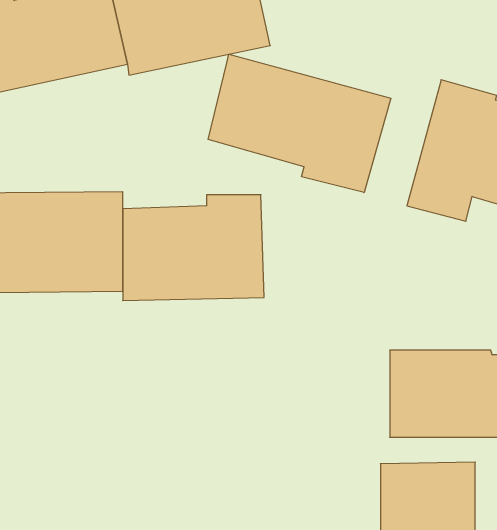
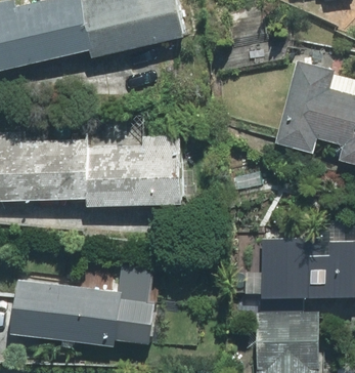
building: [208,54,391,193] -> none
building: none -> [10,267,152,346]

